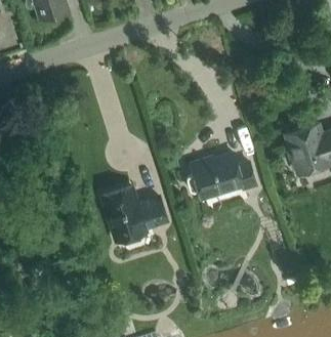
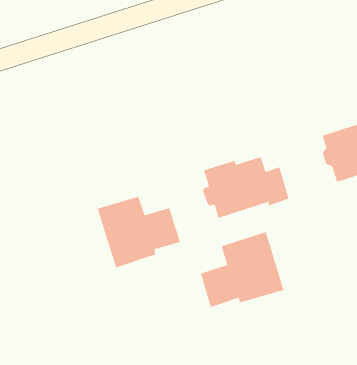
building: none -> [200,231,284,308]

